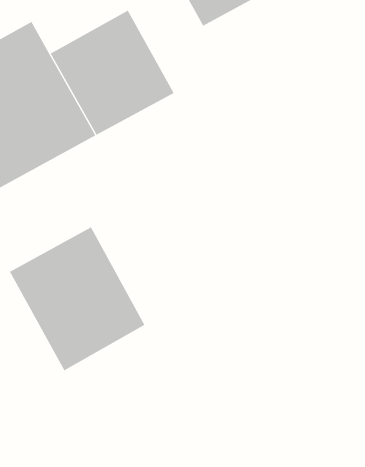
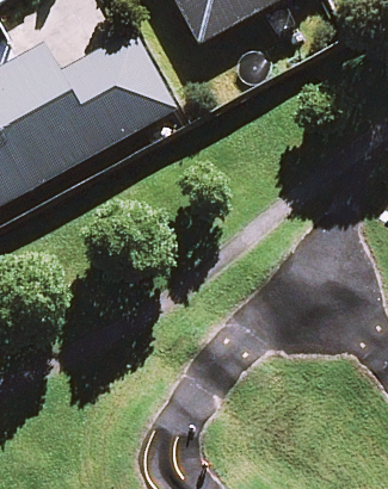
building: [9,226,145,371] -> none

